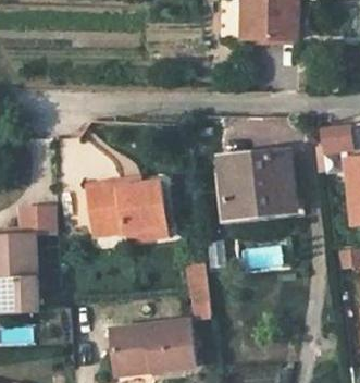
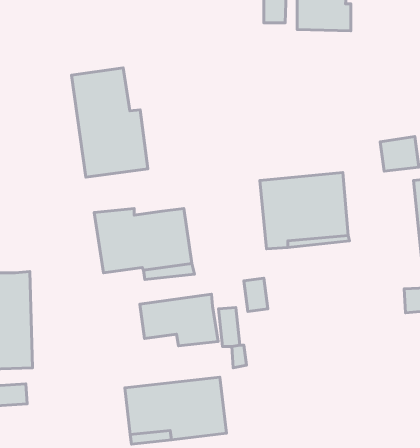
building: none -> [72,68,148,177]
building: [22,208,58,235] -> none
building: none -> [140,294,218,346]

